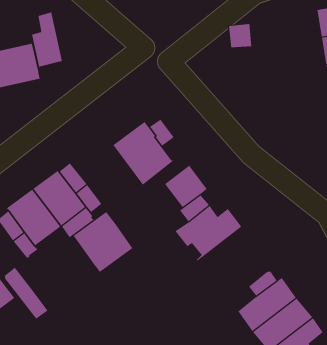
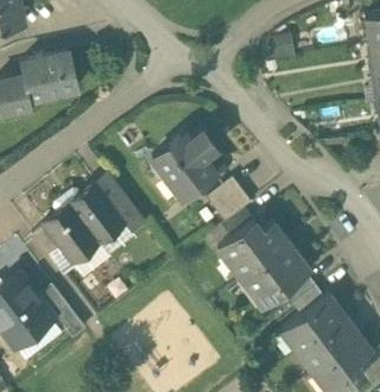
building: [32,12,62,68] -> none
building: [73,211,133,273] -> none
building: none -> [240,242,310,309]

